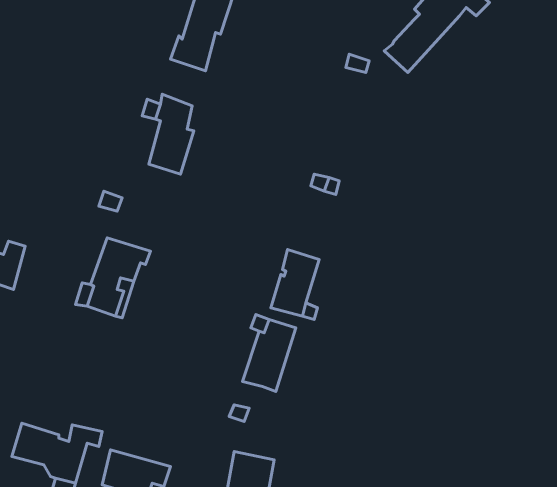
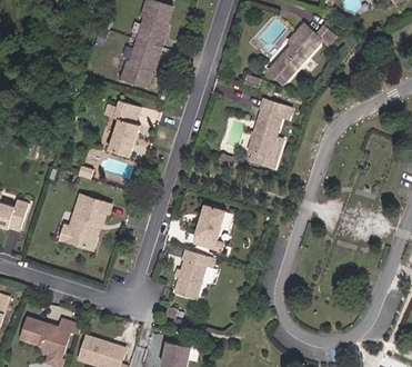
building: none -> [249,98,293,166]

